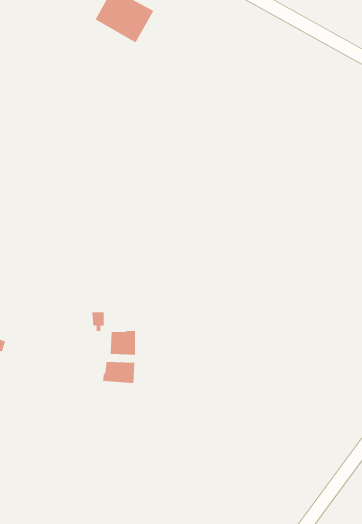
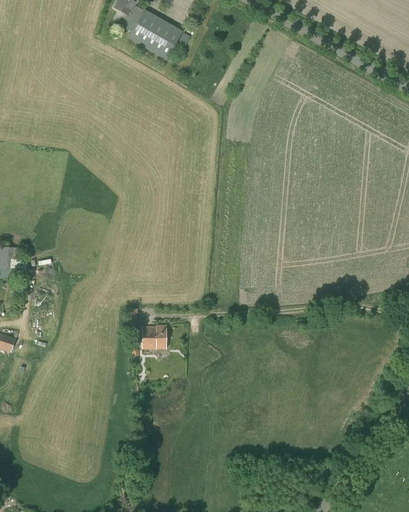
building: [102,361,135,384] -> none

